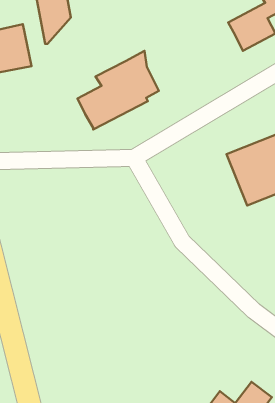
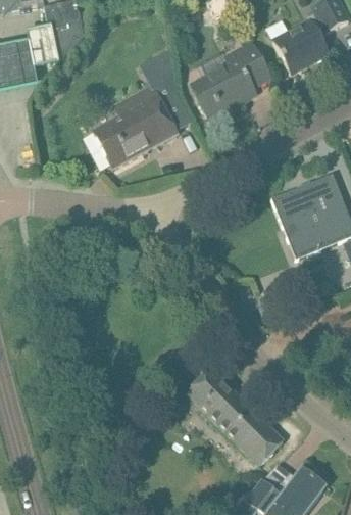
building: none -> [191,41,265,116]
building: none -> [187,367,283,463]

